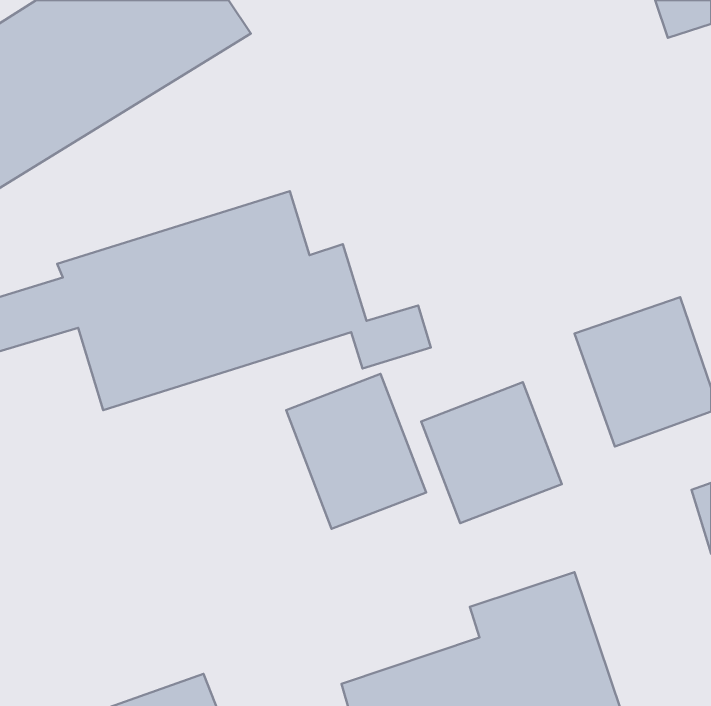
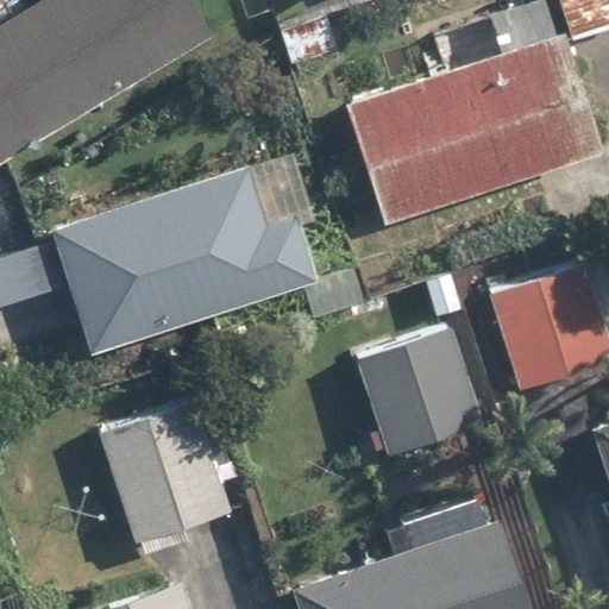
building: none -> [341,32,602,224]
building: [286,374,426,529] -> none
building: none -> [99,396,231,547]

